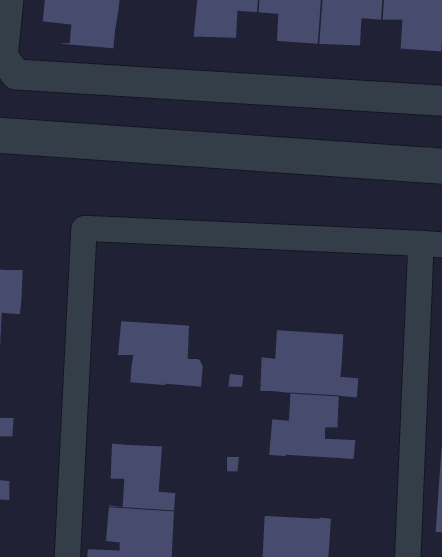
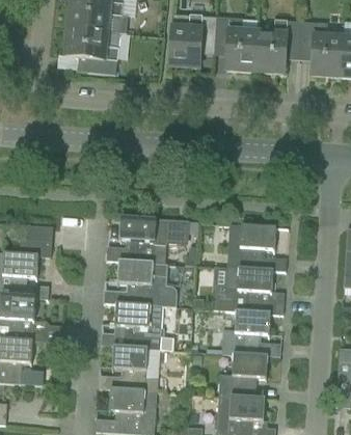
building: none -> [106,218,198,265]
building: none -> [226,224,289,272]
building: none -> [114,304,164,349]
building: none -> [218,354,268,398]

